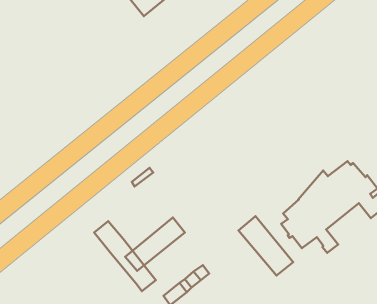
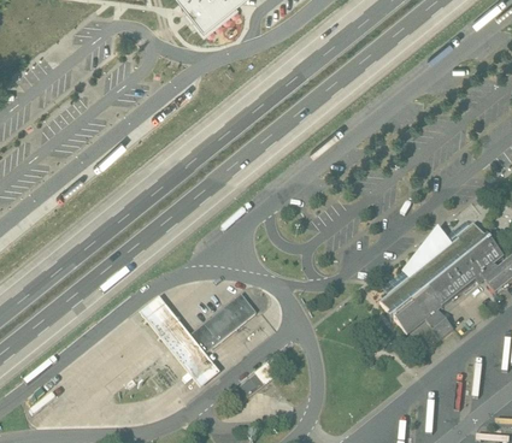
building: [238,216,293,275] -> none

